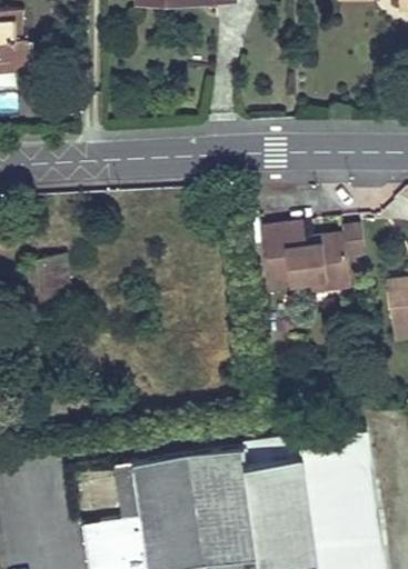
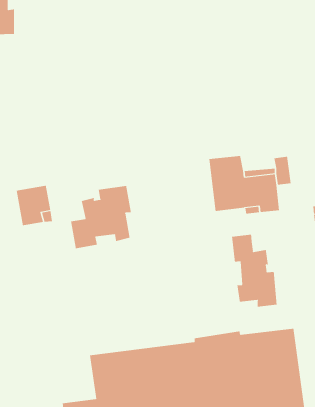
building: none -> [71,185,131,249]
building: none -> [232,234,277,307]

